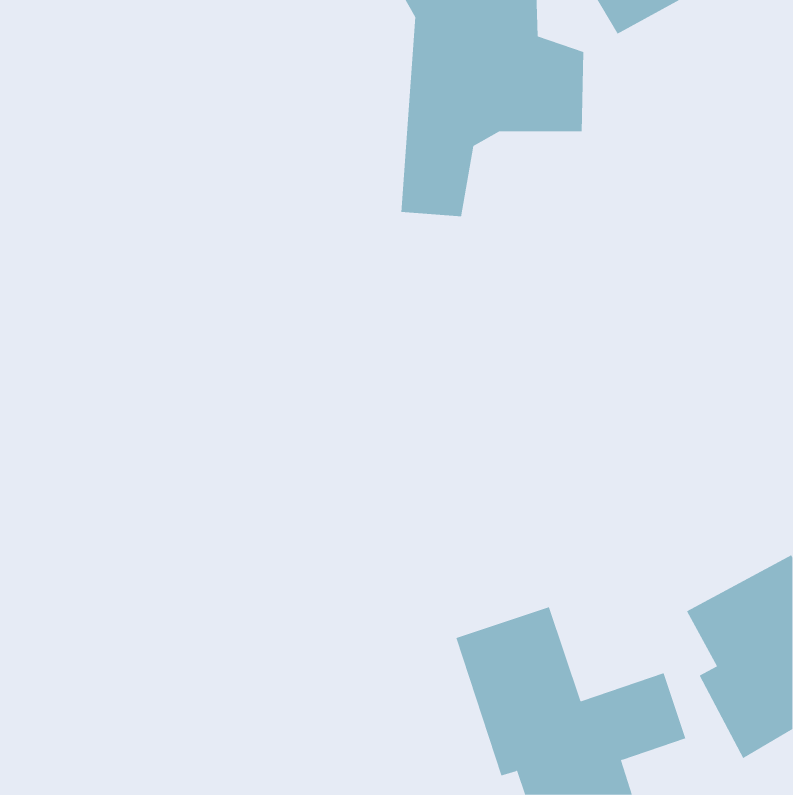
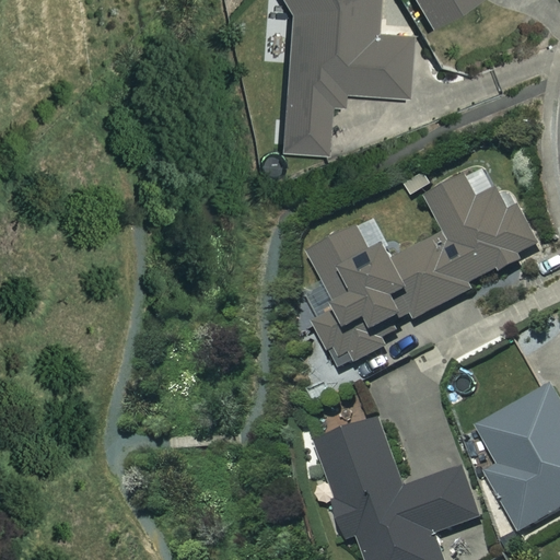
building: none -> [310,174,540,370]

